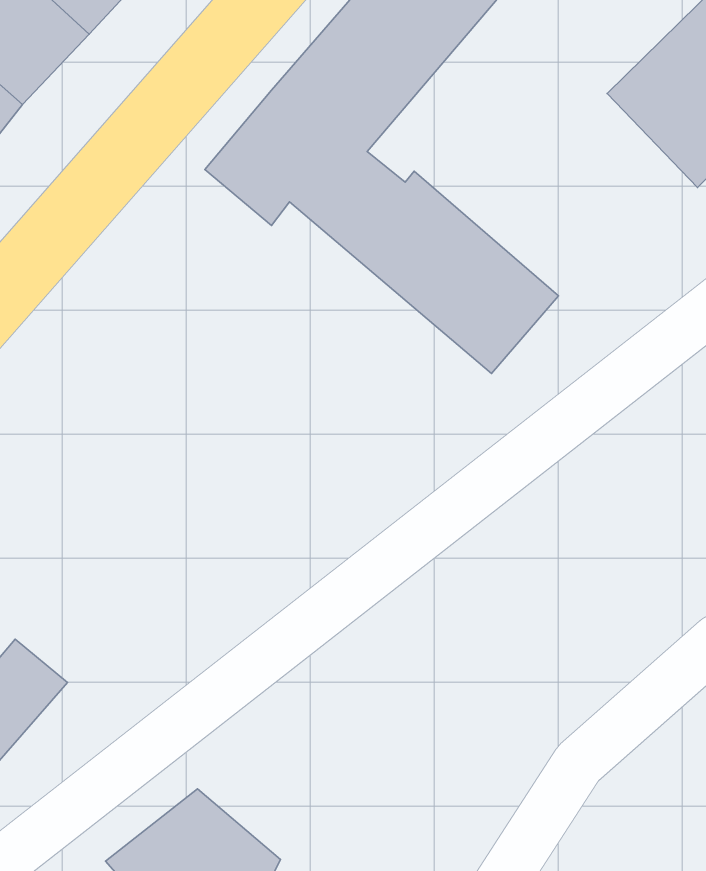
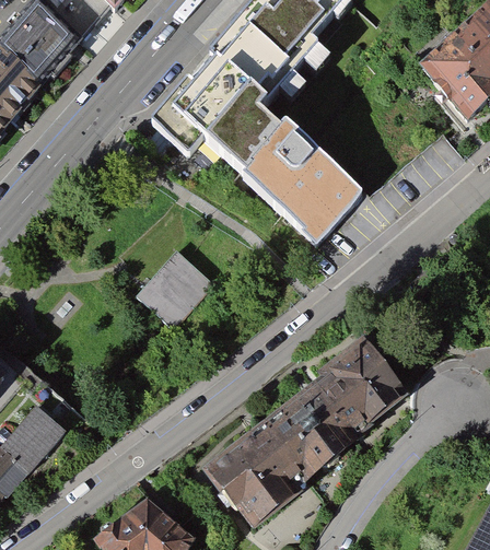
building: none -> [136,254,214,332]
building: none -> [205,335,411,528]

